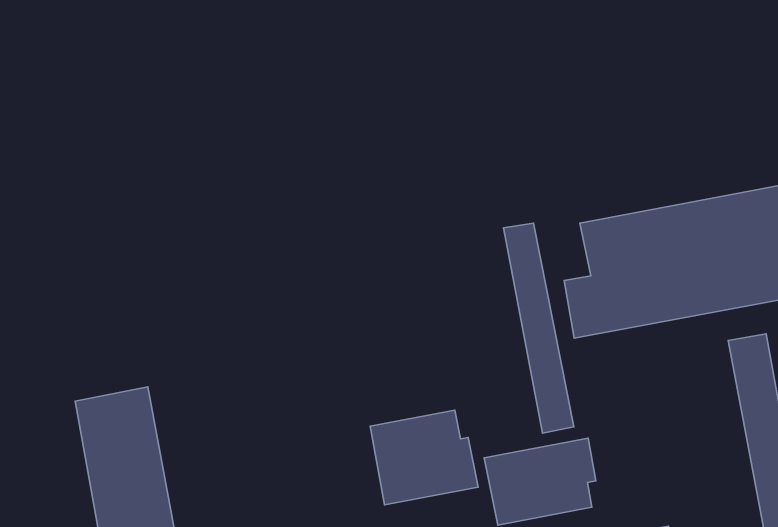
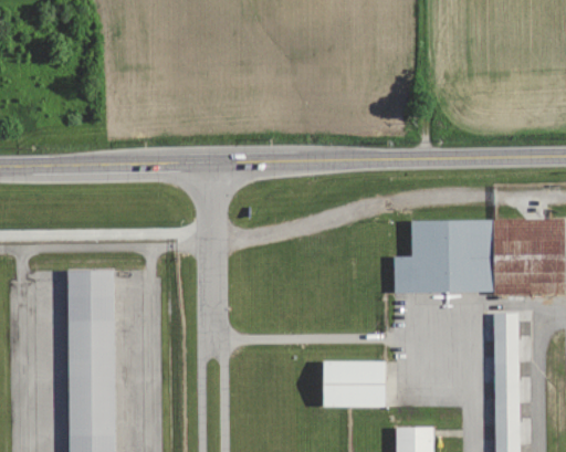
building: [503,223,574,433] -> none
building: [370,410,478,505] -> none

